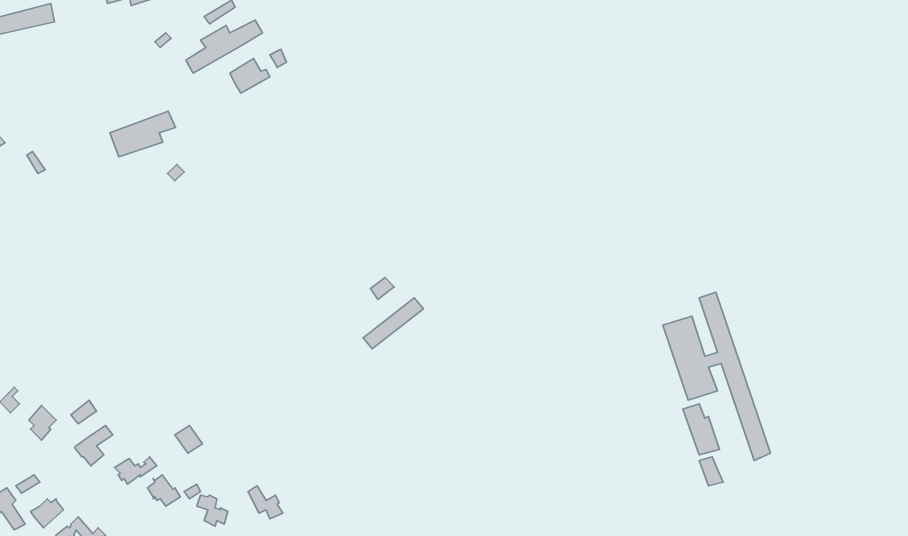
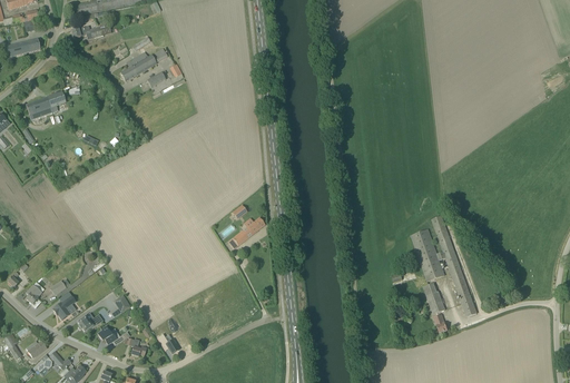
building: [110,111,176,157] -> [26,91,66,119]

